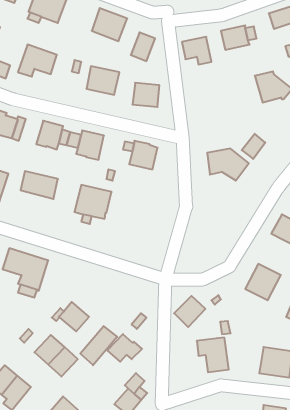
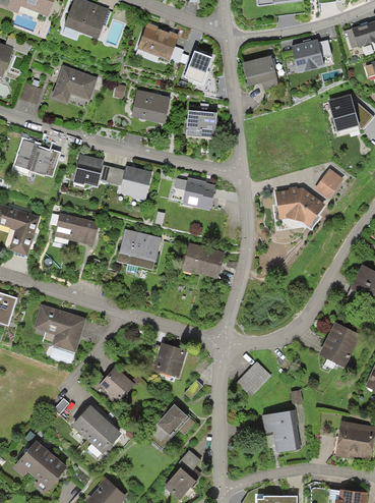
building: none -> [182,243,225,279]
building: none -> [154,344,186,378]
building: [80,326,117,365] -> none

